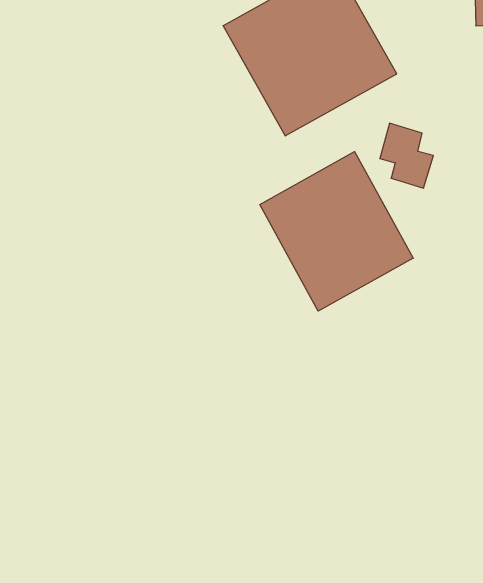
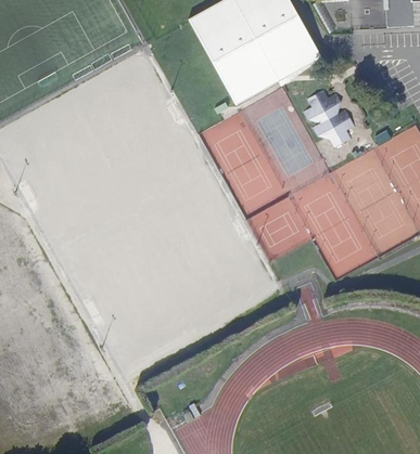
building: [260,152,413,311] -> none

